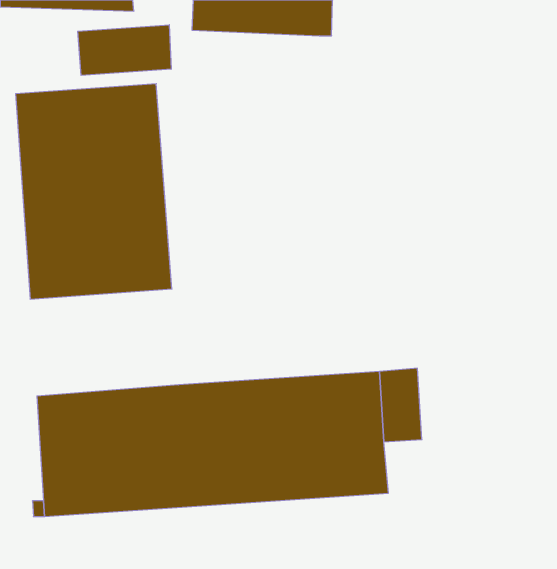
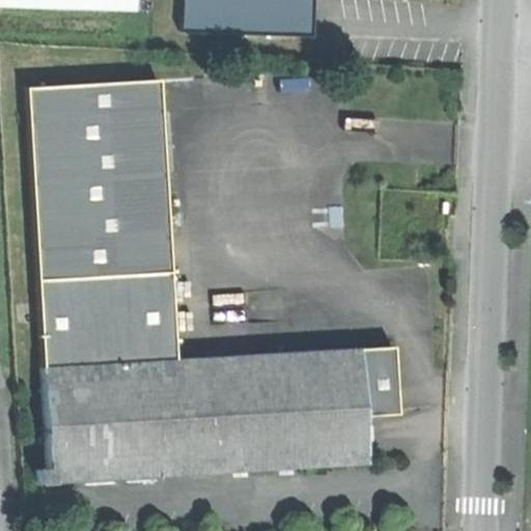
building: [78,25,171,75] -> none
building: none -> [40,270,178,369]

